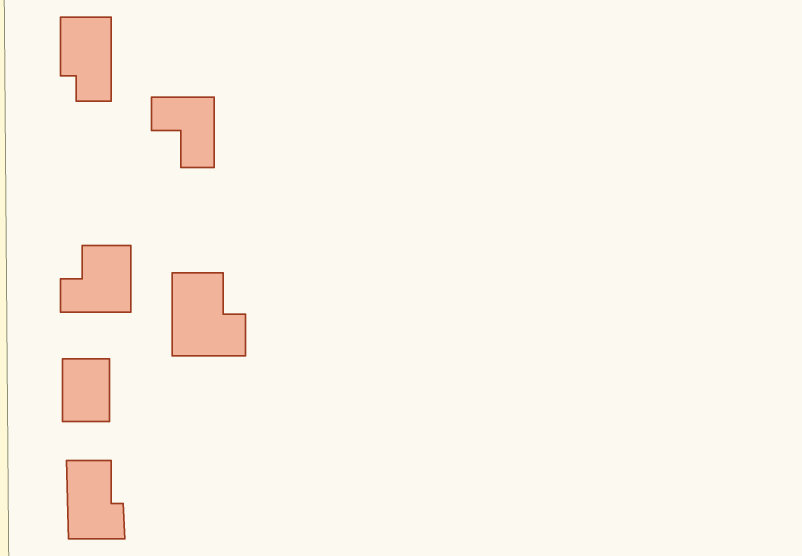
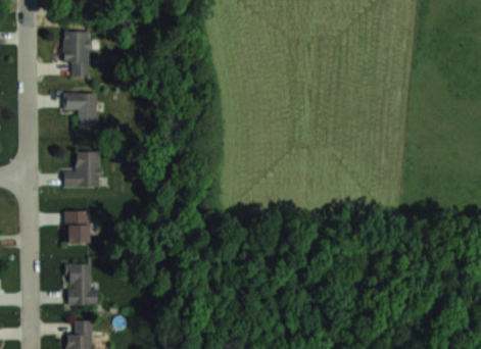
building: [152,97,214,168] -> [63,93,96,130]
building: [172,273,246,356] -> none

